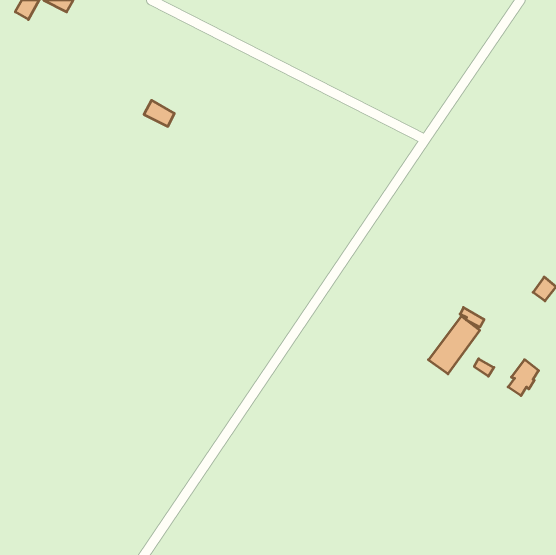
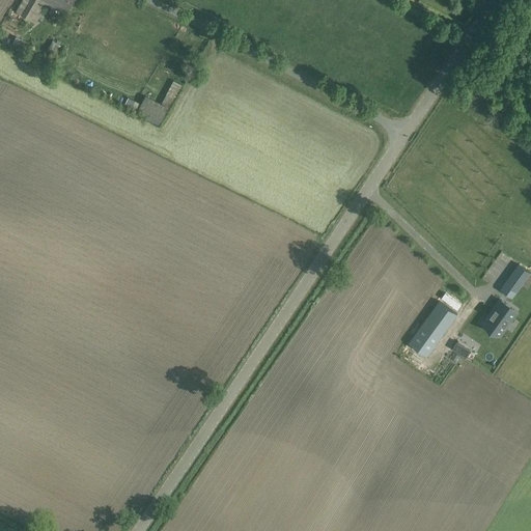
building: [508,360,539,396] -> [485,302,514,336]

